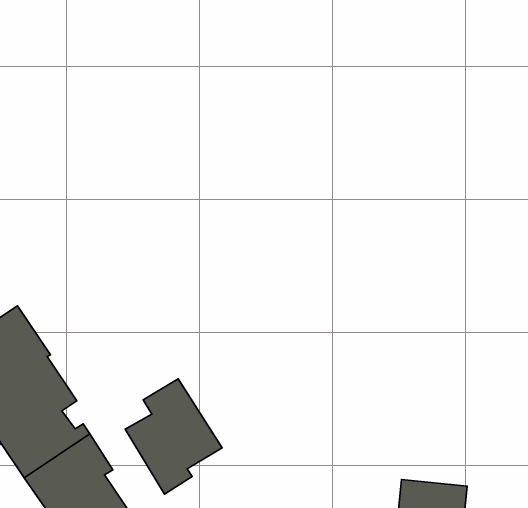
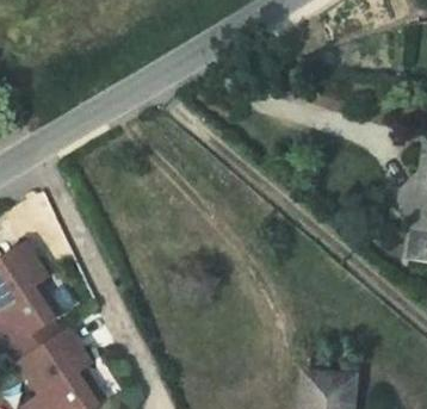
building: [125,379,222,494] -> none

